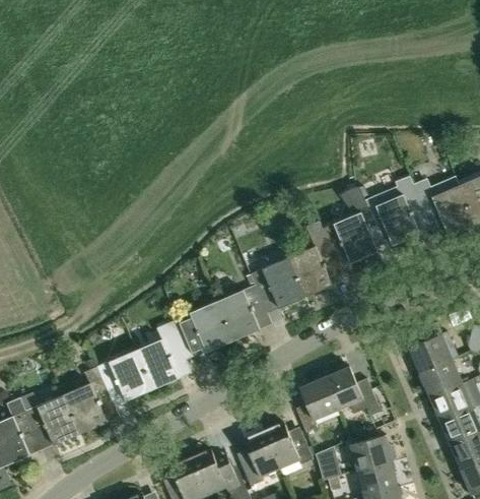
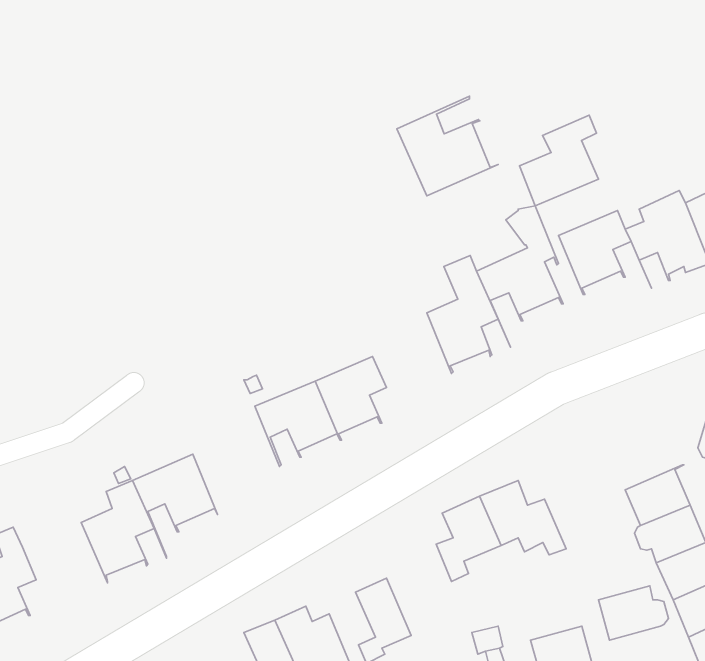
building: none -> [397,96,498,196]
building: none -> [519,115,599,206]
building: [251,257,306,324] -> none
building: [410,325,458,373] -> none
building: [137,333,193,389] -> none
building: [25,394,81,450] -> none
building: [264,423,314,469] -> none
building: [351,436,397,472] -> [599,586,668,640]

